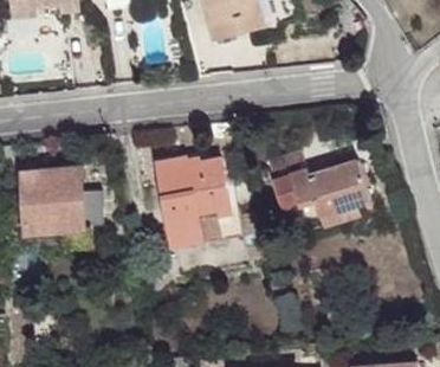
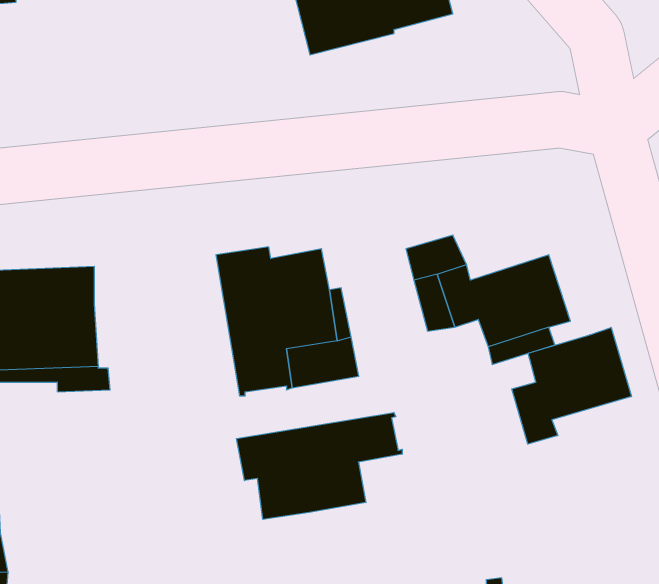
building: none -> [512,327,631,444]
building: none -> [236,412,402,519]

